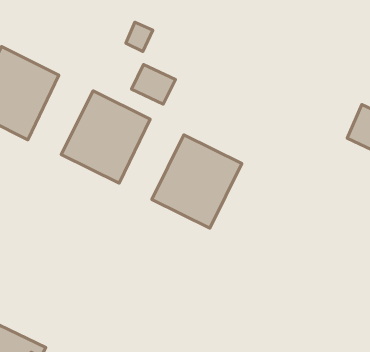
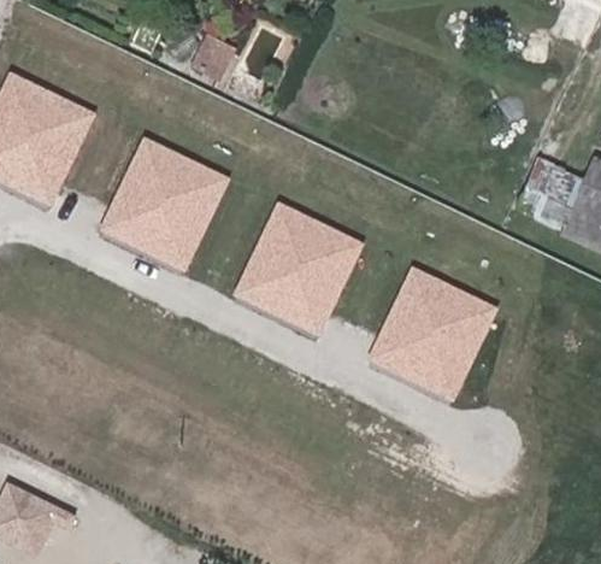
building: [131,65,175,104] -> none
building: none -> [365,266,497,403]

